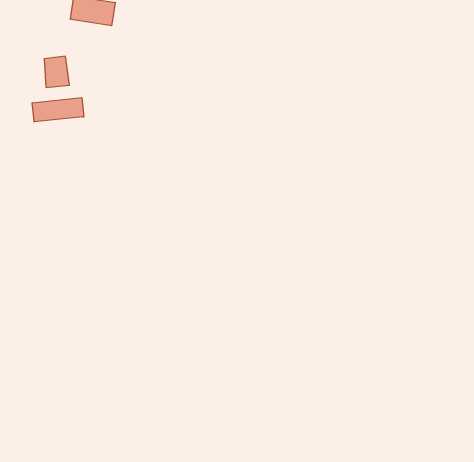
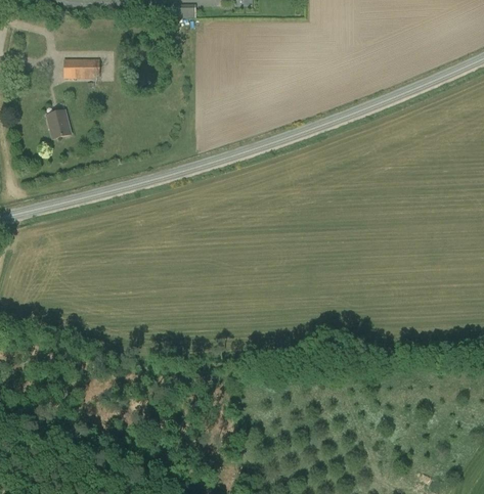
building: [32,98,84,122] -> none

